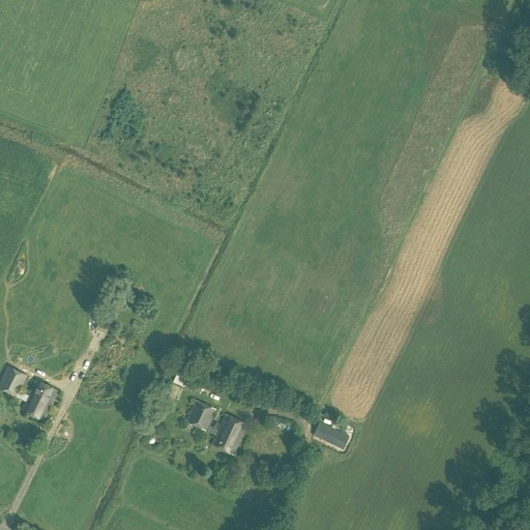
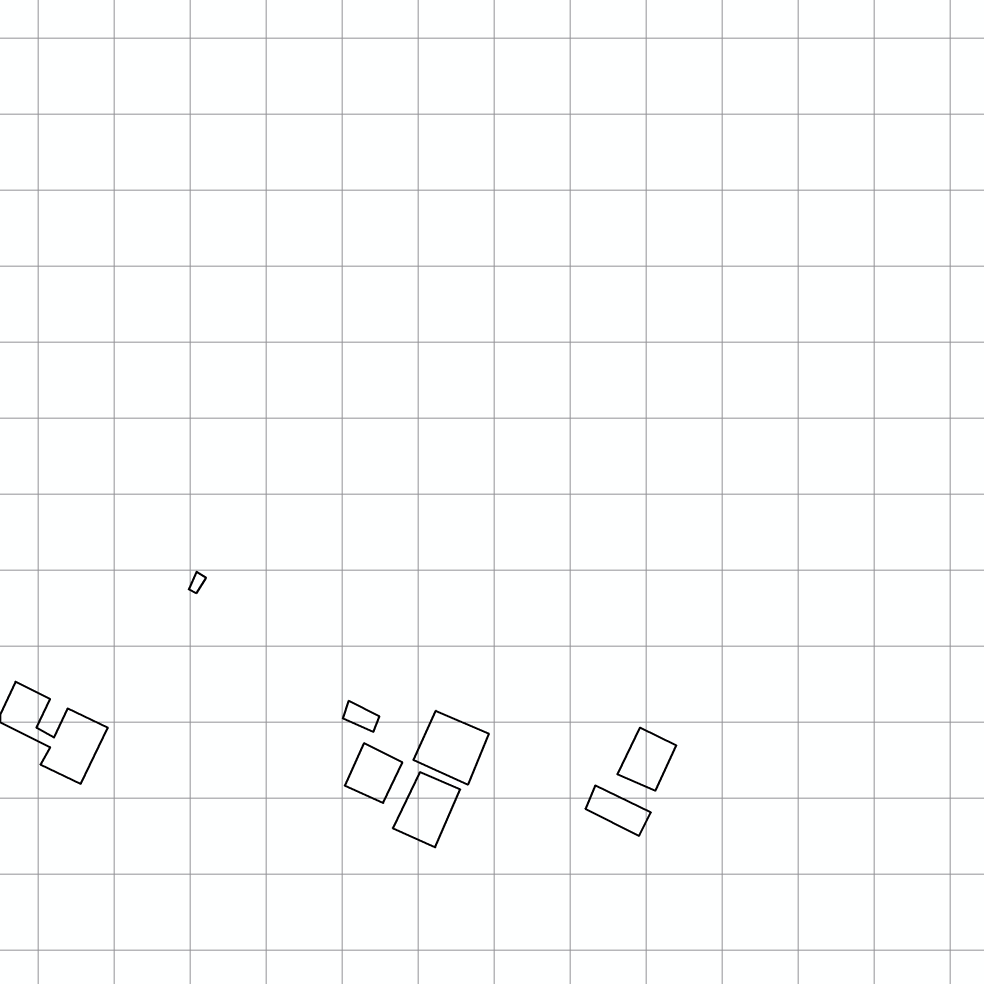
building: none -> [413,711,489,785]
building: none -> [617,728,676,791]

